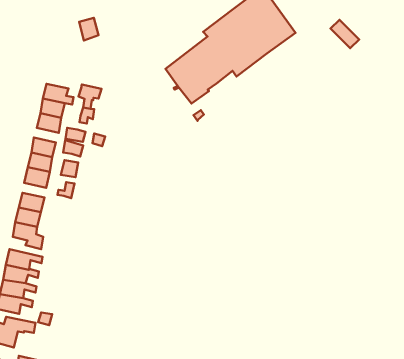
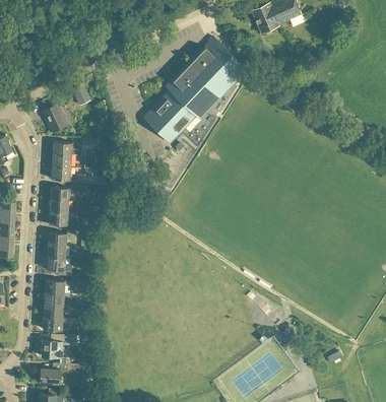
building: none -> [41,104,67,132]

